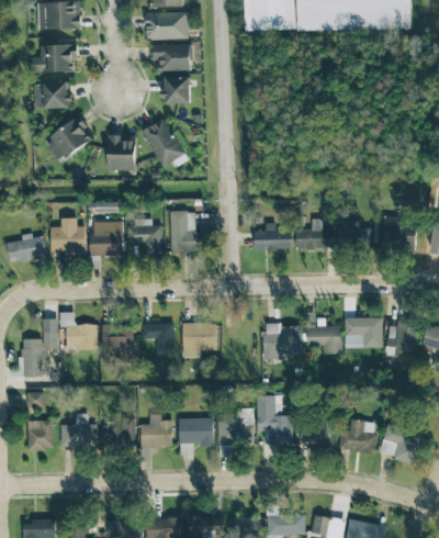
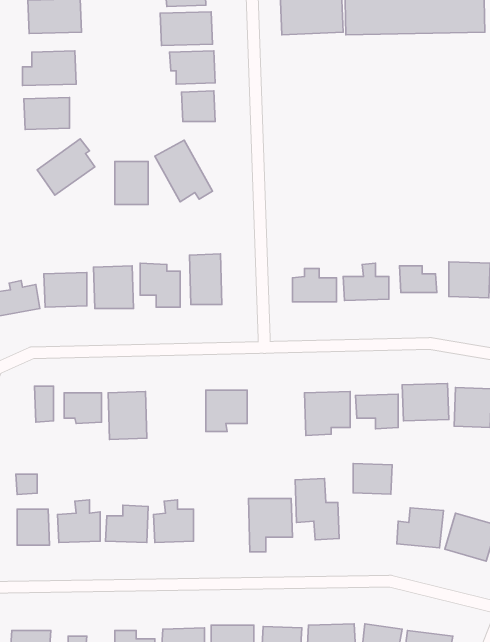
building: [147,323,173,350] -> none
building: [22,338,43,377] -> none
building: [179,417,214,456] -> none
building: [300,419,331,445] -> [353,464,392,494]

